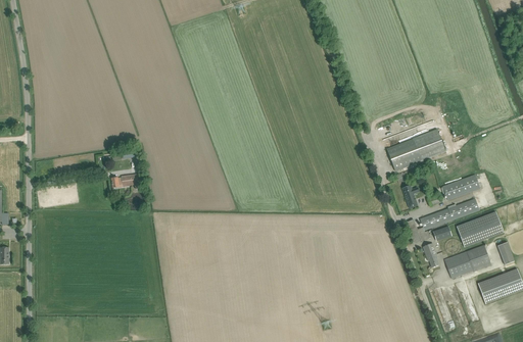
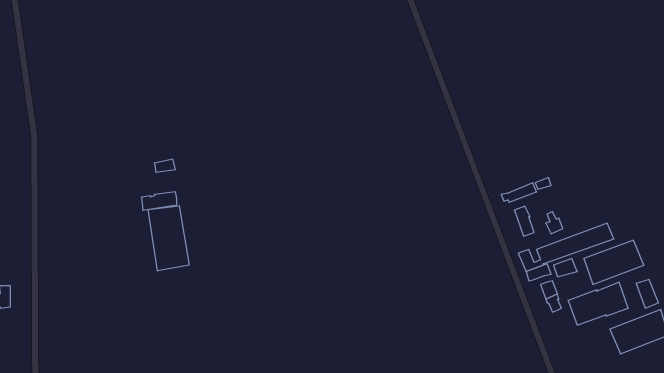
building: [387,130,445,169] -> none
building: [442,174,480,199] -> none
building: none -> [148,206,189,271]

